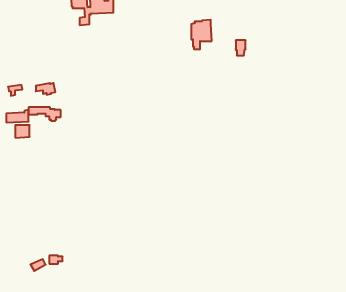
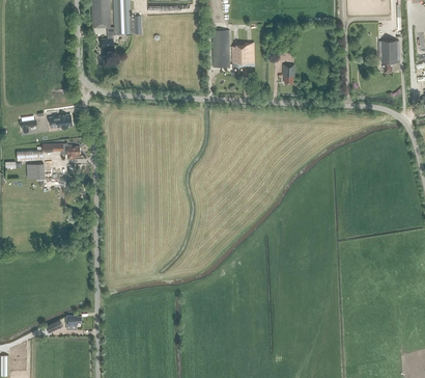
building: none -> [211,30,229,68]
building: none -> [378,40,399,72]

